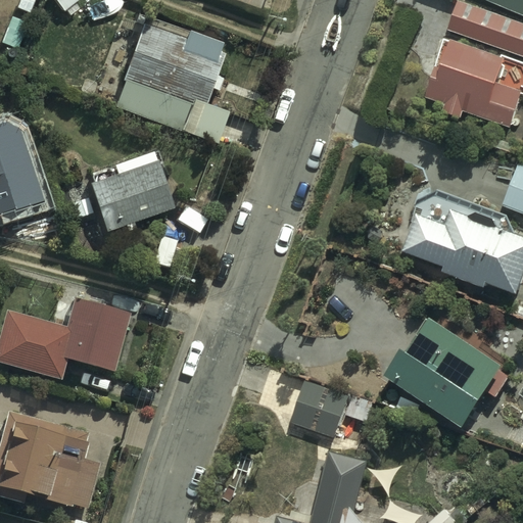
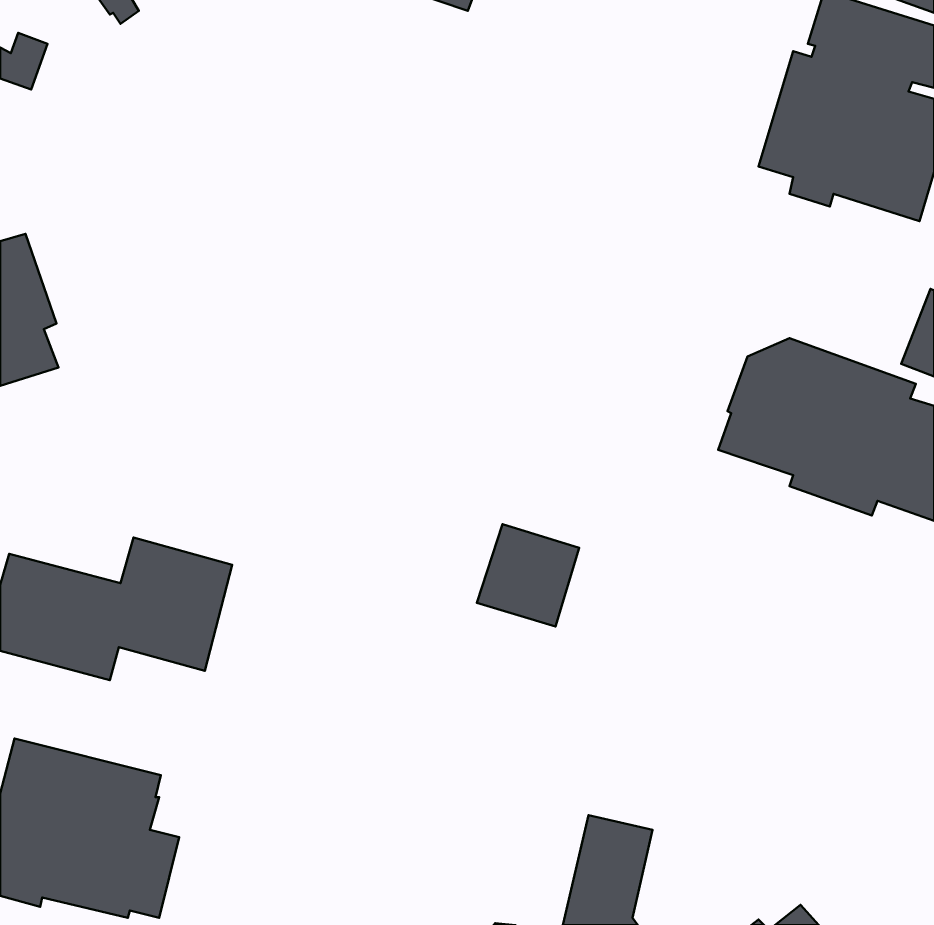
building: [114,14,228,136] -> none
building: [86,150,172,231] -> none
building: [386,319,512,431] -> none
building: [290,377,347,434] -> [477,524,579,627]

